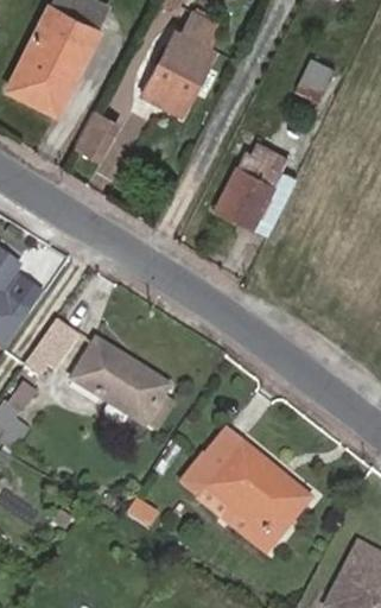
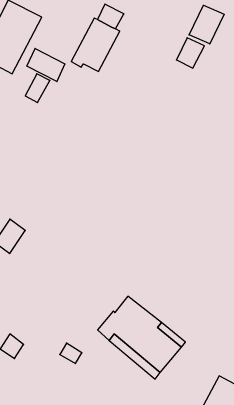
building: none -> [189,5,224,44]
building: none -> [27,48,65,82]
building: [220,140,293,230] -> none
building: [72,341,167,423] -> none

